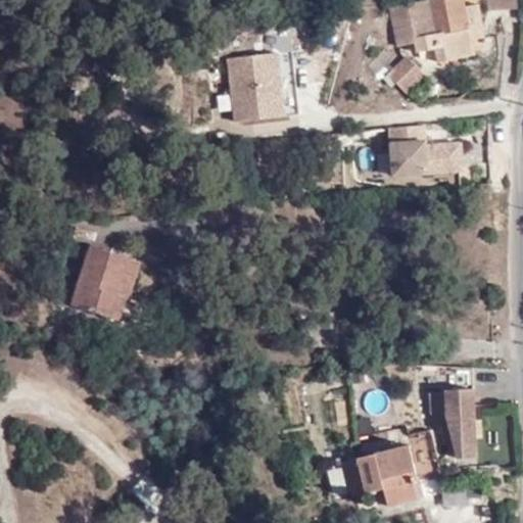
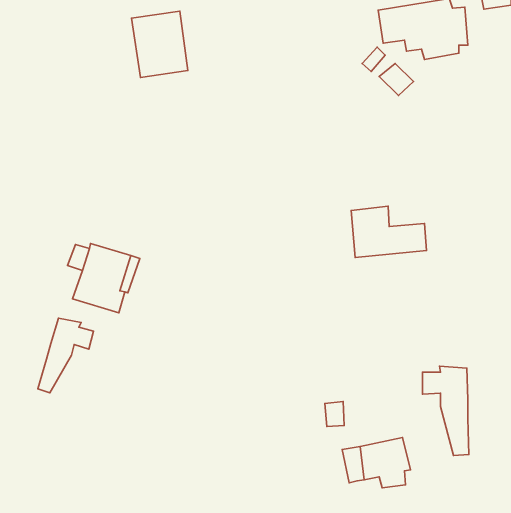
building: [225,51,282,118] -> [132,11,188,78]
building: [387,127,464,179] -> [351,206,427,258]
building: none -> [38,318,94,393]

